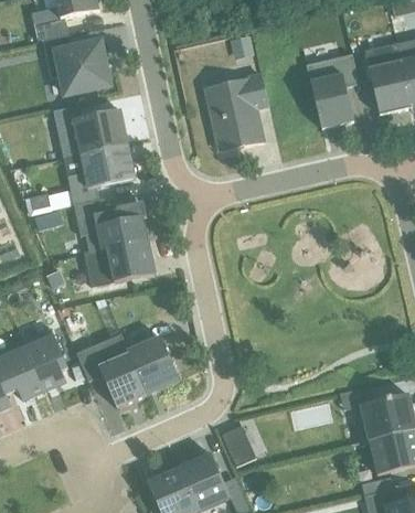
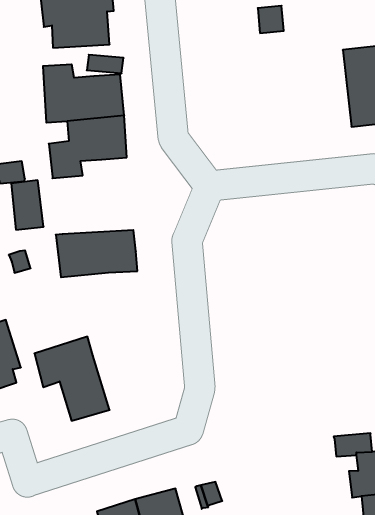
building: [206,75,269,152] -> none
building: [75,199,149,250] -> none
building: [128,339,180,394] -> none

